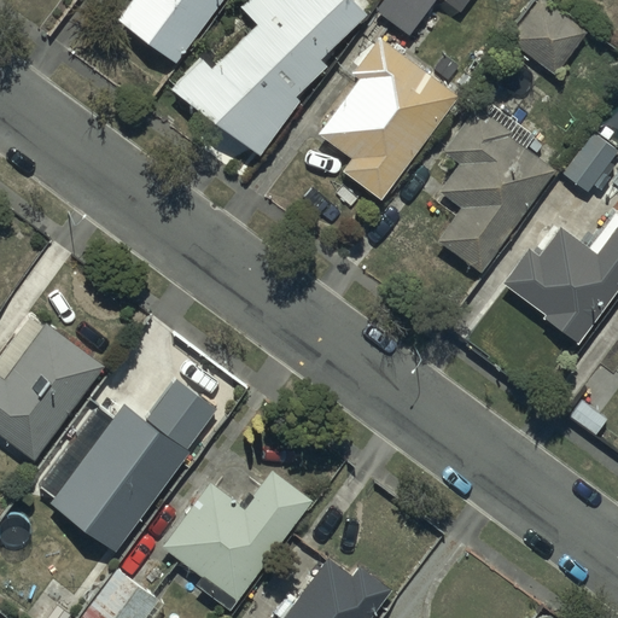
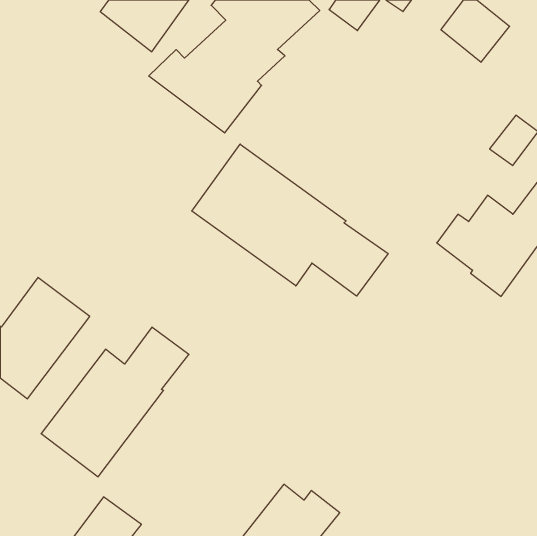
building: [317,39,456,198] -> none
building: [436,104,555,272] -> none
building: none -> [192,144,388,296]
building: [163,467,313,608] -> none

